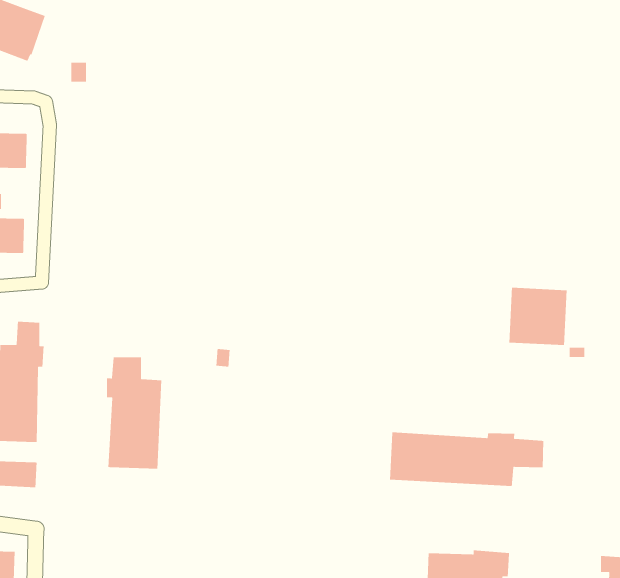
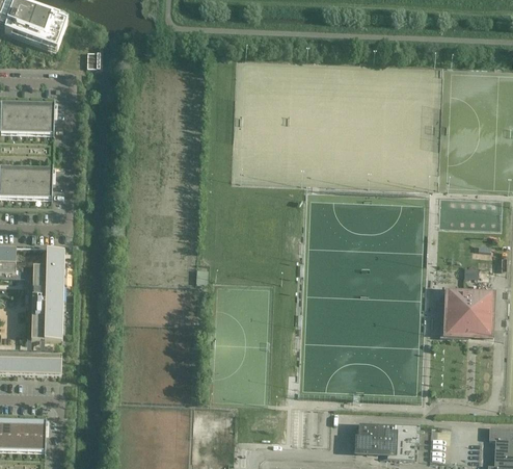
building: [509,287,567,346] -> [444,289,489,334]
building: [106,356,162,469] -> none
building: [389,431,544,487] -> none

